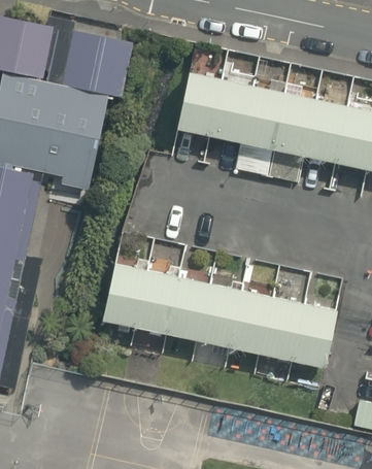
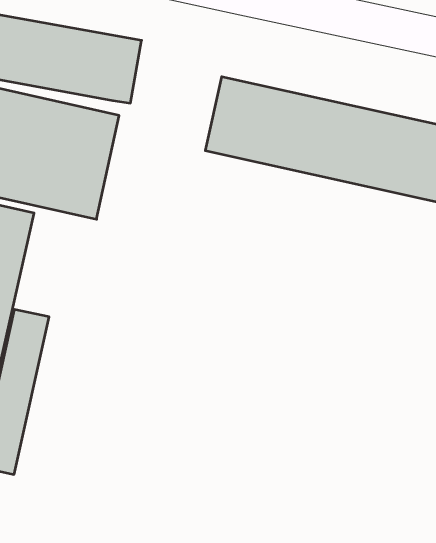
building: [106,263,338,365] -> none

